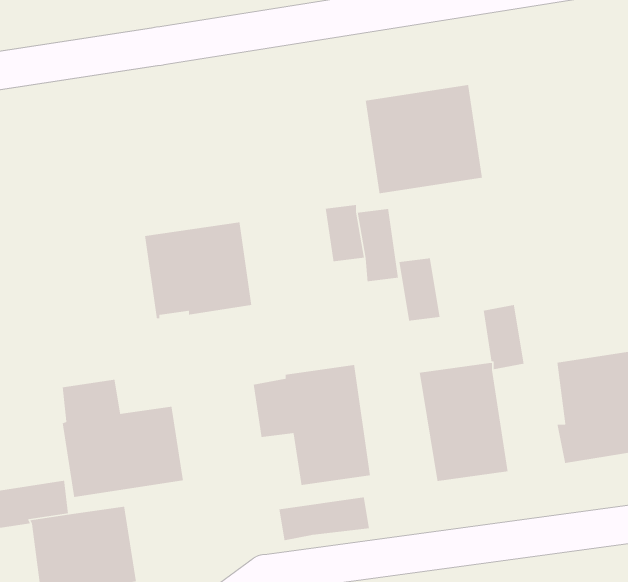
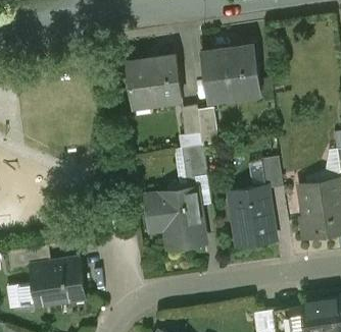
building: [144,221,252,319] -> [127,56,182,106]
building: [398,257,440,321] -> [186,146,207,178]
building: [62,379,184,498] -> none
building: [279,497,370,541] -> none

